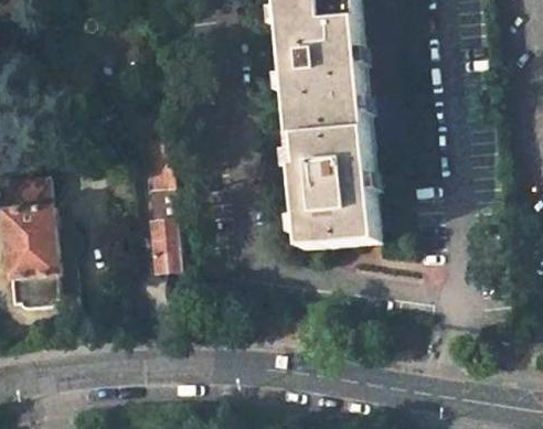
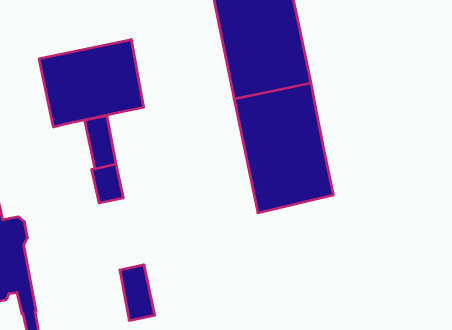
building: none -> [39,39,144,127]
building: [145,221,173,272] -> [120,265,155,320]

